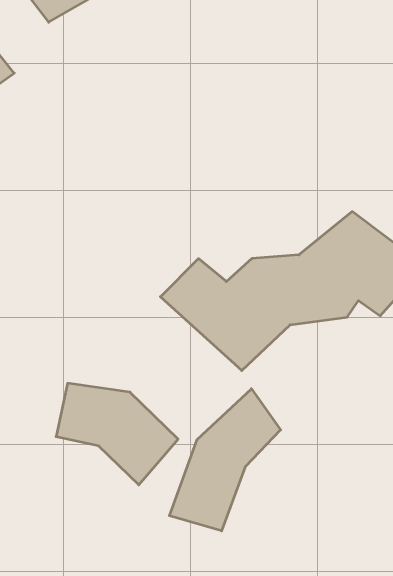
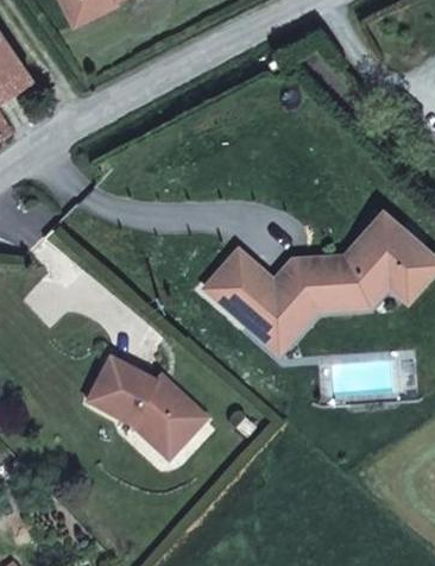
building: [169,389,281,531] -> none

